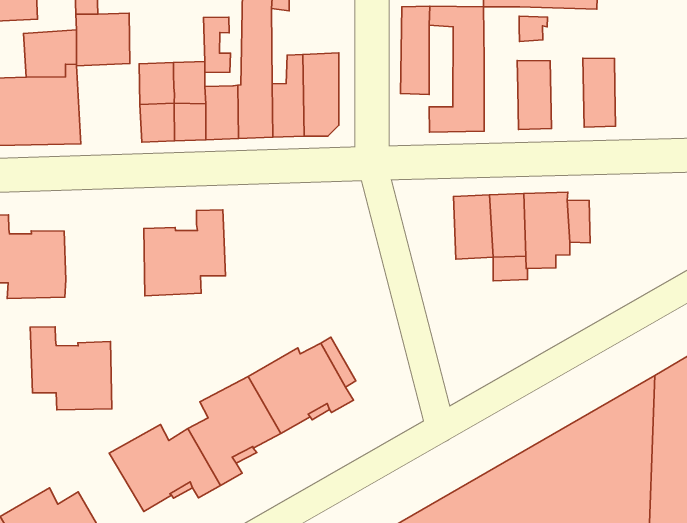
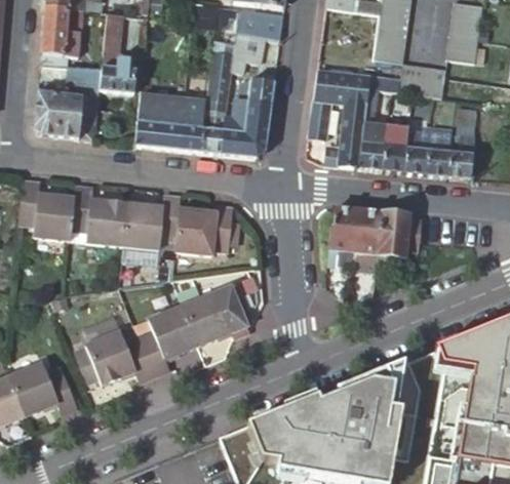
building: none -> [236,76,273,103]
building: none -> [402,124,429,172]
building: none -> [444,131,473,177]
building: none -> [358,120,386,168]
building: none -> [175,203,233,253]
building: [30,327,112,410] -> [72,184,127,244]

